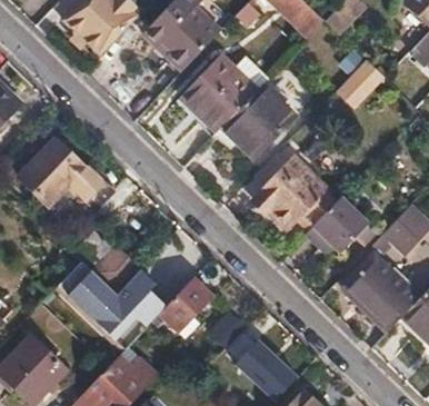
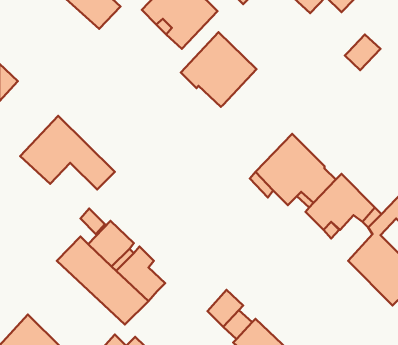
building: [223,86,293,157] -> none
building: [158,278,212,333] -> none

